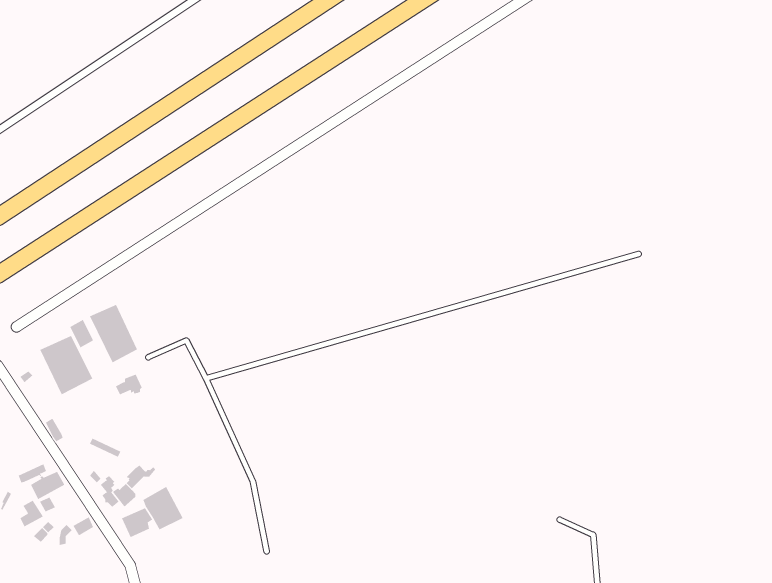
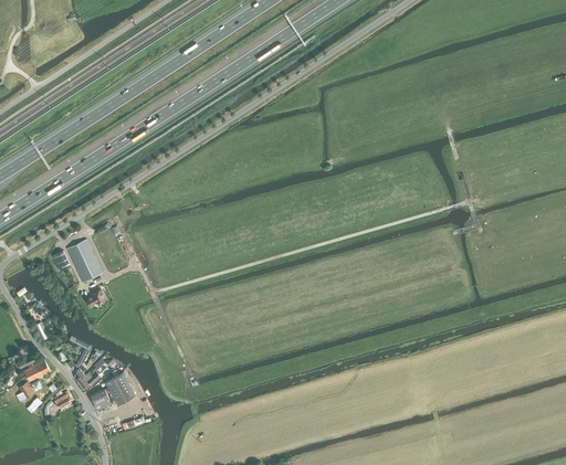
building: [39,335,93,395] -> none

